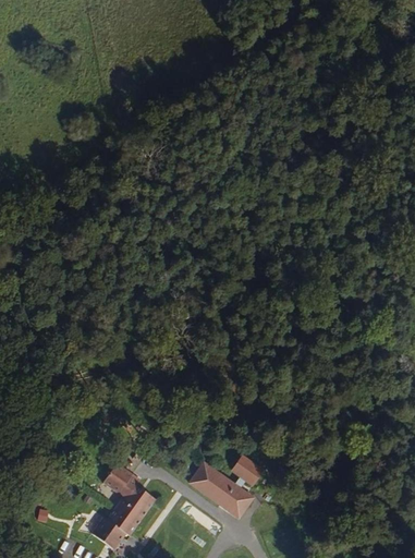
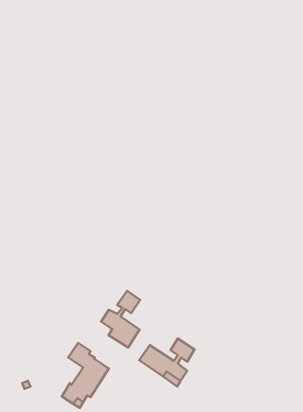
building: none -> [101,291,140,348]

